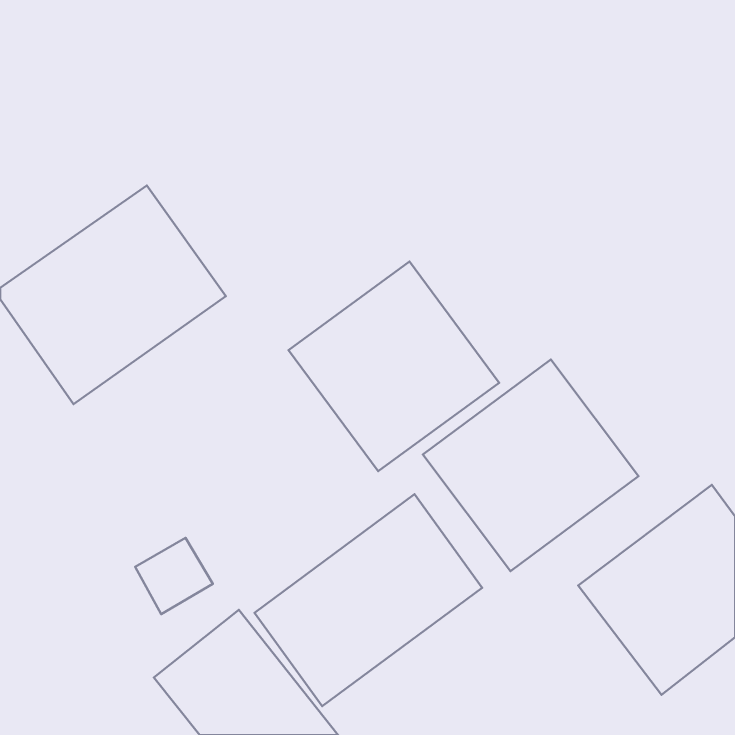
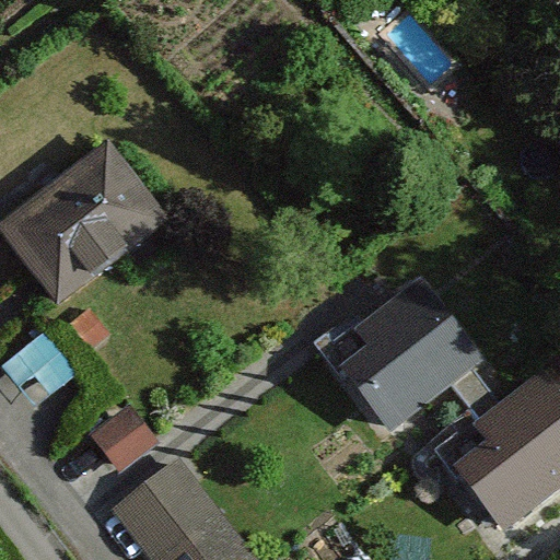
building: [288,262,499,471] -> none
building: [254,494,482,706] -> none

